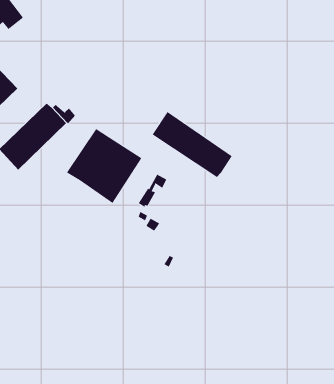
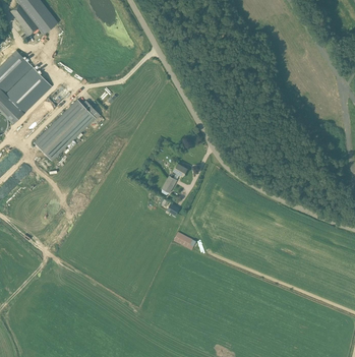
building: [152,111,233,178] -> none
building: [66,128,142,204] -> none

